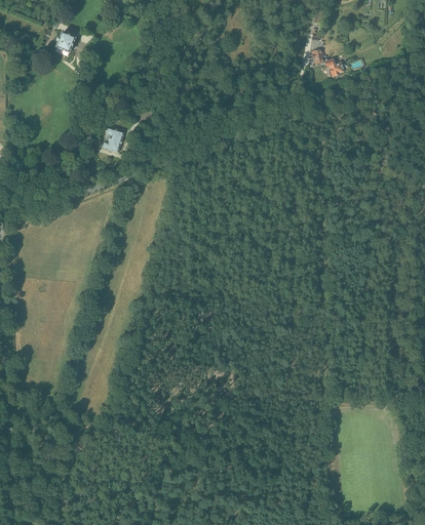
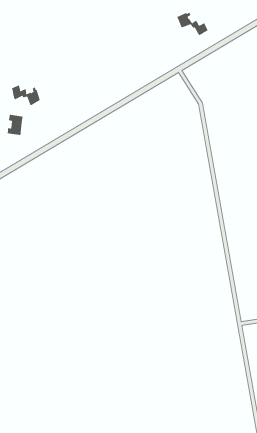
building: none -> [12,84,41,107]

